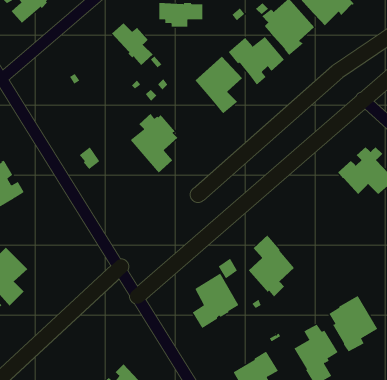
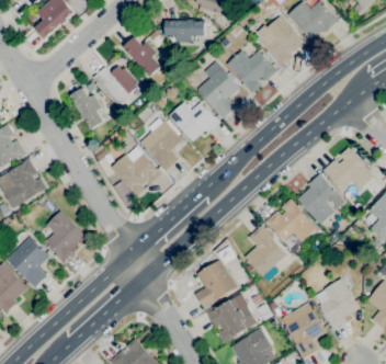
building: none -> [93,66,141,106]
building: none -> [71,88,104,129]
building: none -> [169,101,220,141]
building: none -> [111,145,162,197]
building: none -> [297,173,343,225]
building: none -> [265,198,317,254]
building: none -> [45,211,86,262]
building: none -> [207,293,258,343]

